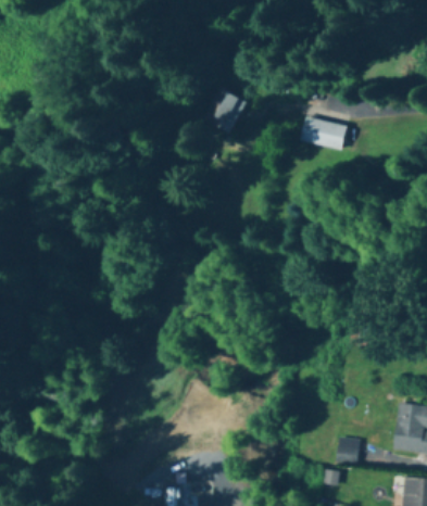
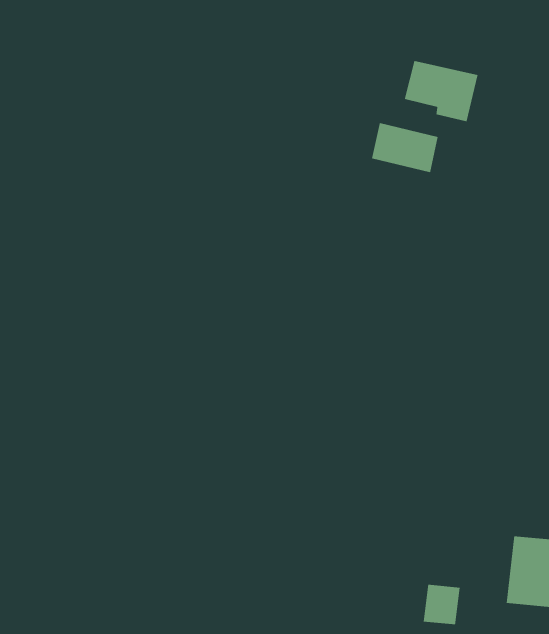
building: none -> [404,60,478,122]
building: [197,88,242,135] -> none

